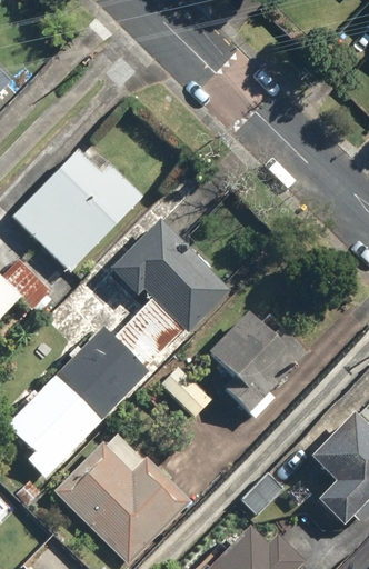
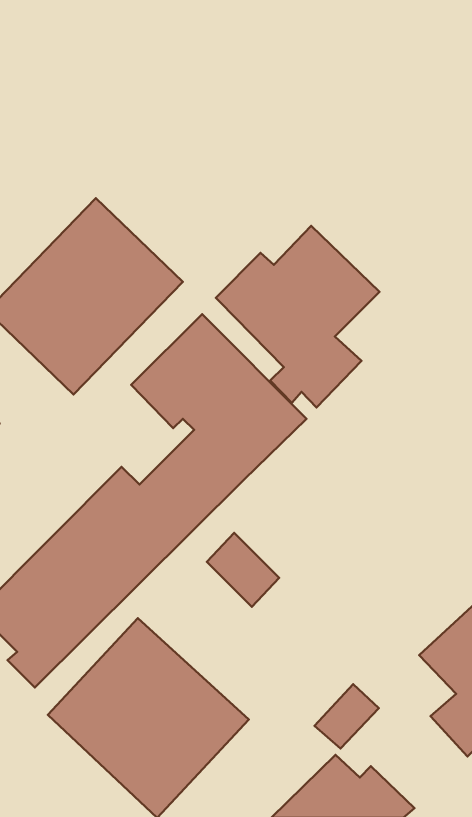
building: none -> [216,226,380,407]
building: [207,308,310,419] -> none

